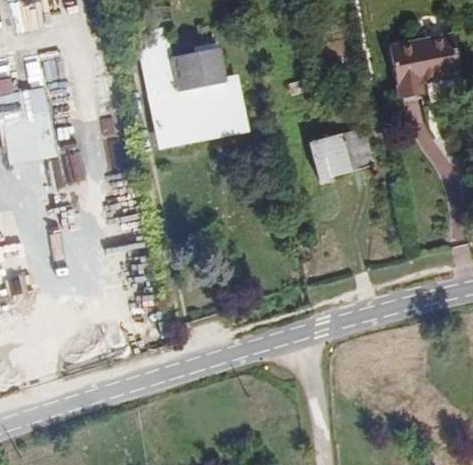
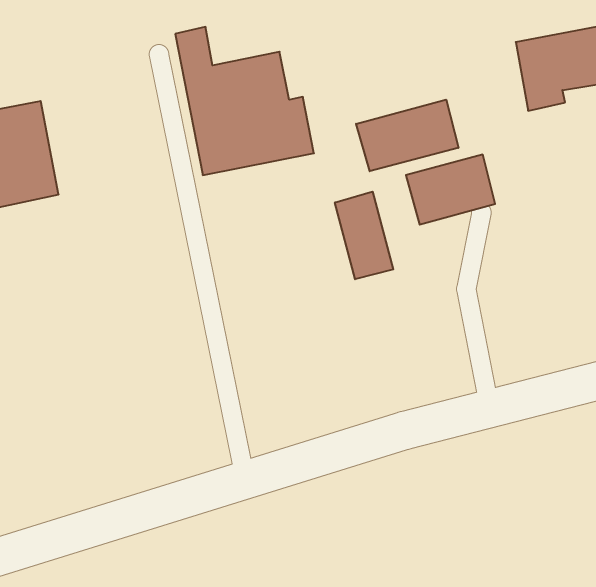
building: none -> [356,100,458,171]
building: none -> [335,192,393,279]

